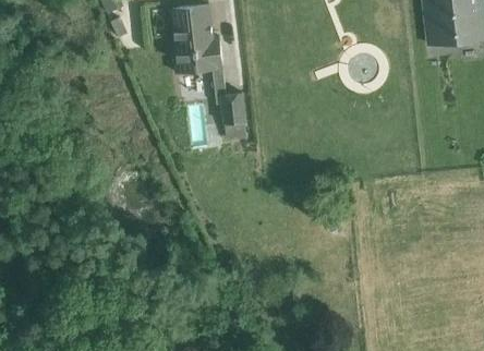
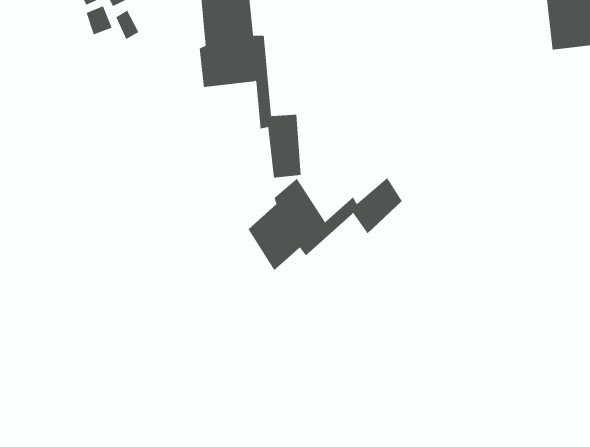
building: none -> [248,177,403,271]

